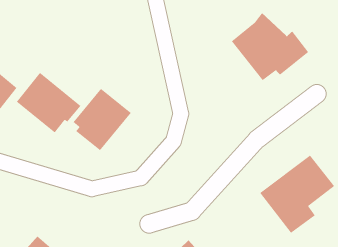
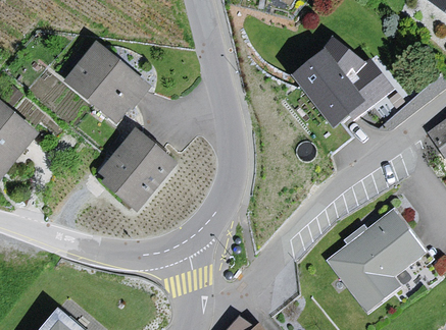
building: [16,72,82,133] -> [67,44,148,119]

